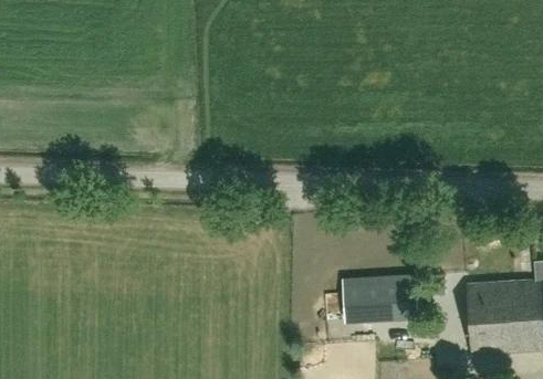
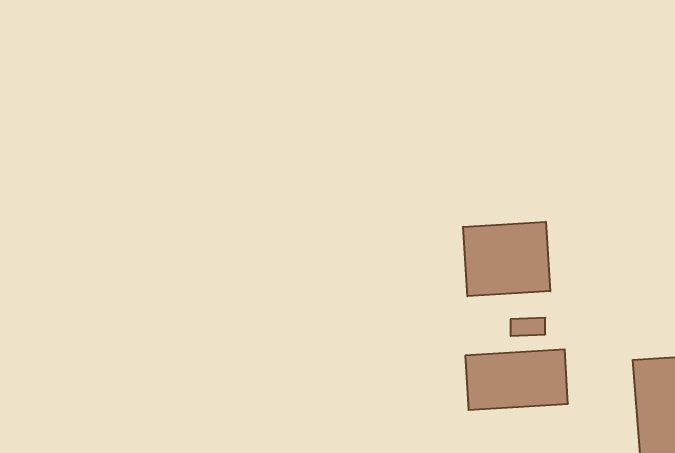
building: none -> [463,222,550,296]

